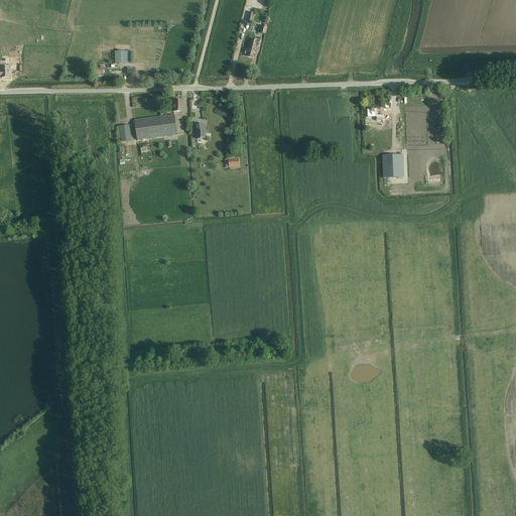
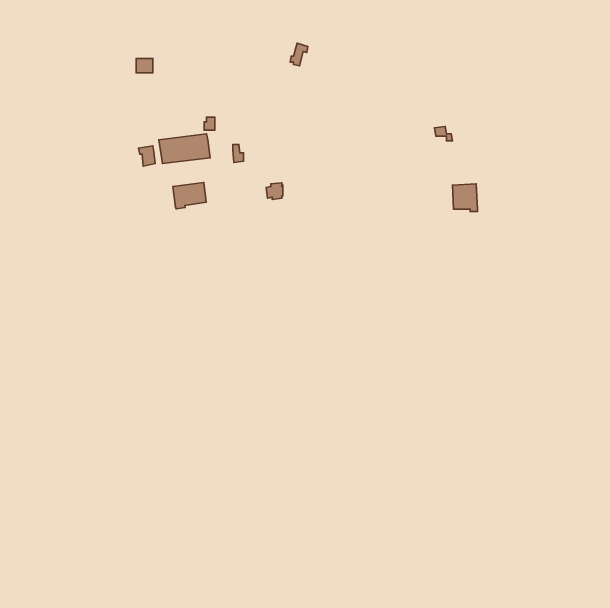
building: none -> [173,183,206,209]

